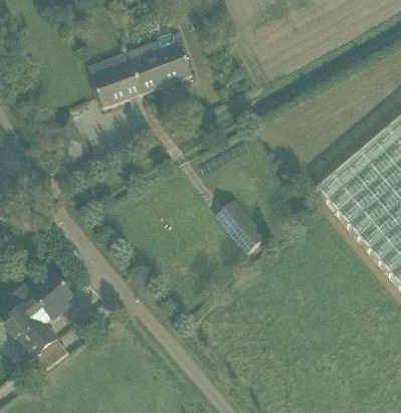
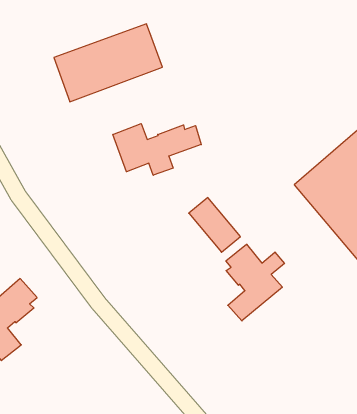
building: none -> [113,124,201,175]
building: none -> [226,244,284,321]

